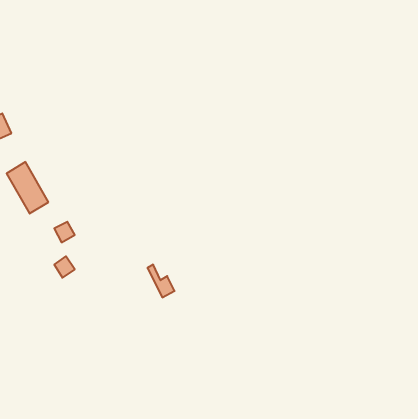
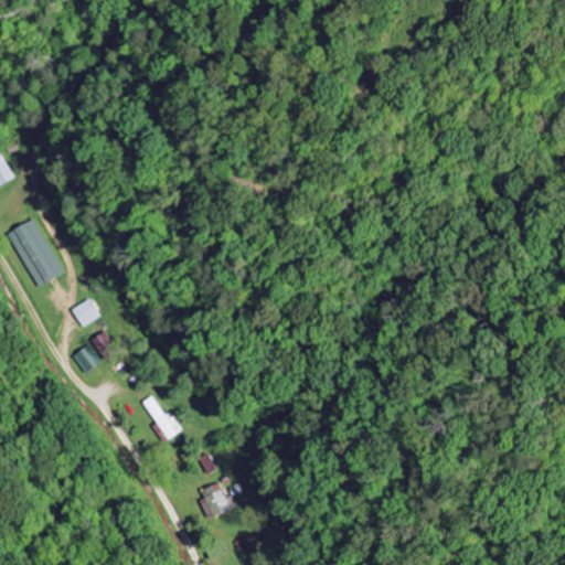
building: [147,265,175,297] -> [146,395,182,439]
building: none -> [199,486,231,518]

